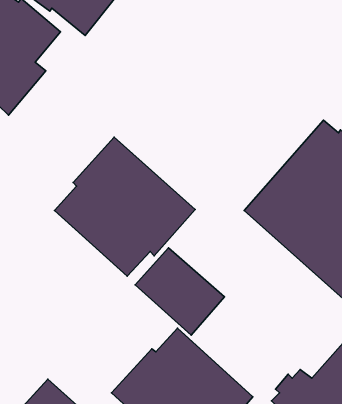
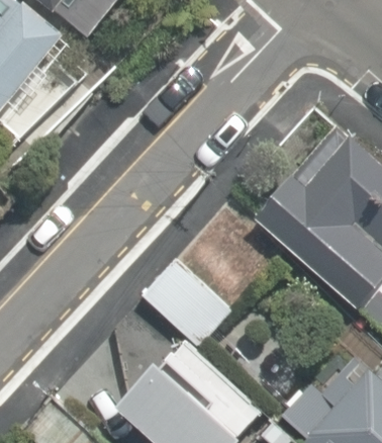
building: [55,137,195,276] -> none

